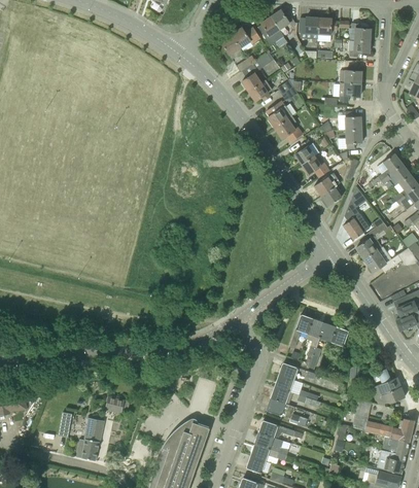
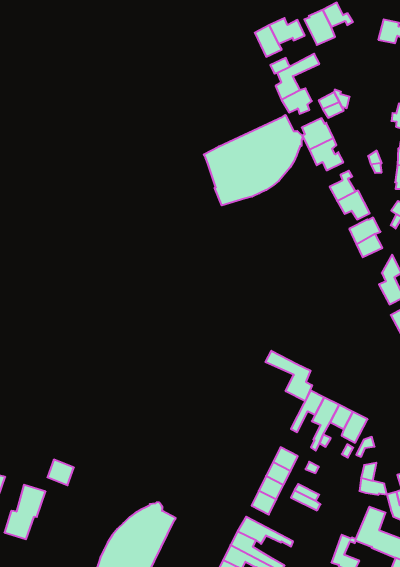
building: [299,18,319,39] -> none
building: none -> [204,115,303,205]
building: none -> [265,351,312,401]

